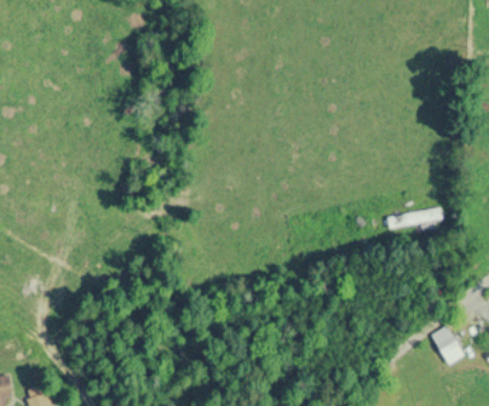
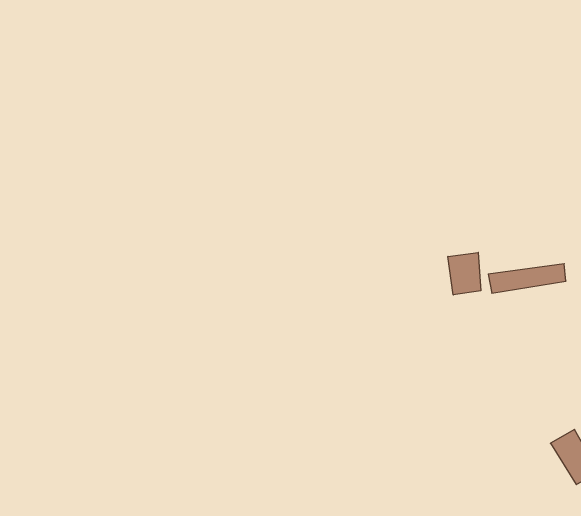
building: none -> [448,252,481,295]

